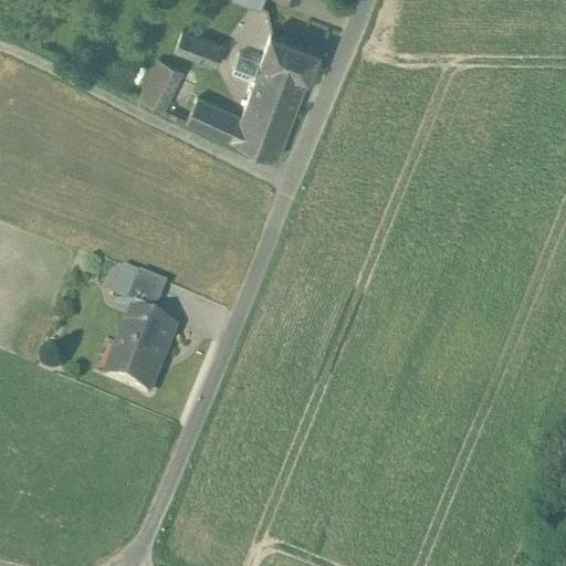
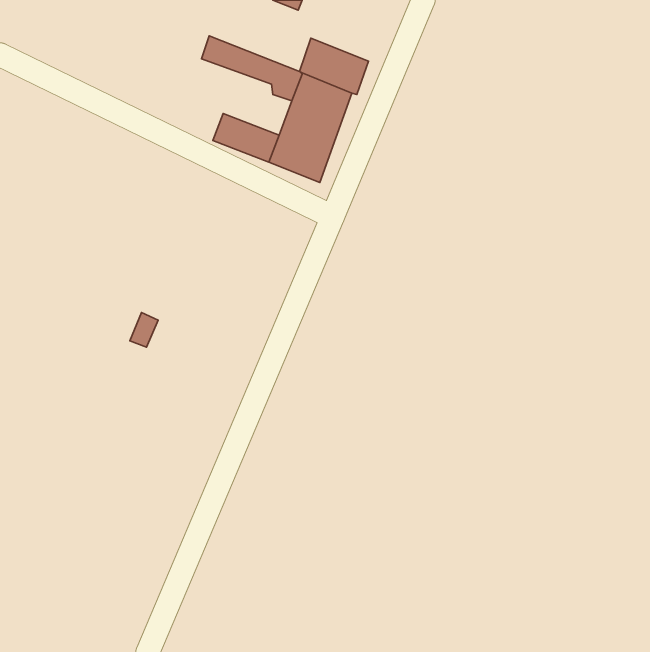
building: [139,61,179,108] -> none
building: [128,272,168,312] -> none
building: [107,315,174,392] -> none

